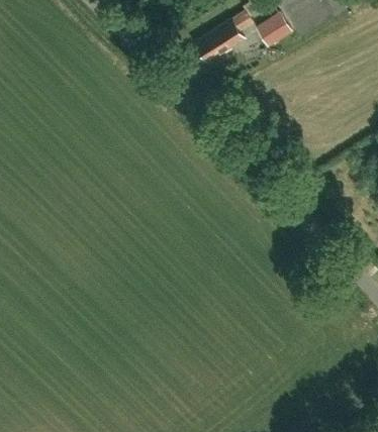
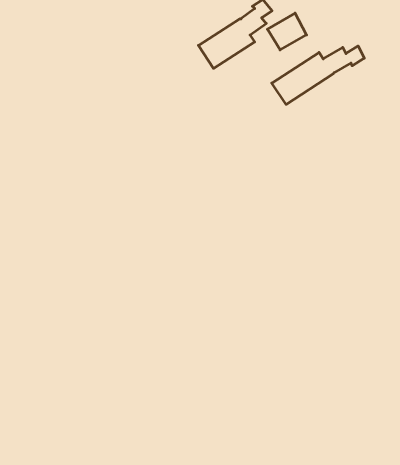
building: none -> [272,46,364,104]

